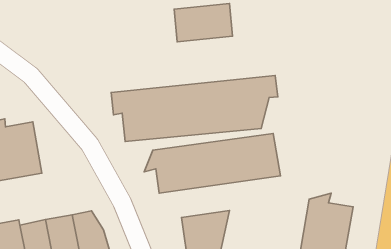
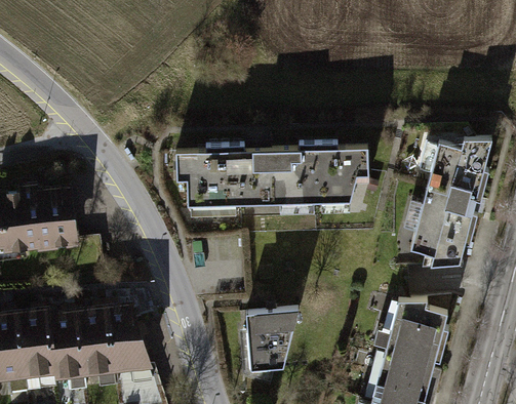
building: [174,3,233,42] -> none
building: none -> [405,142,486,269]
building: [144,134,281,193] -> none

